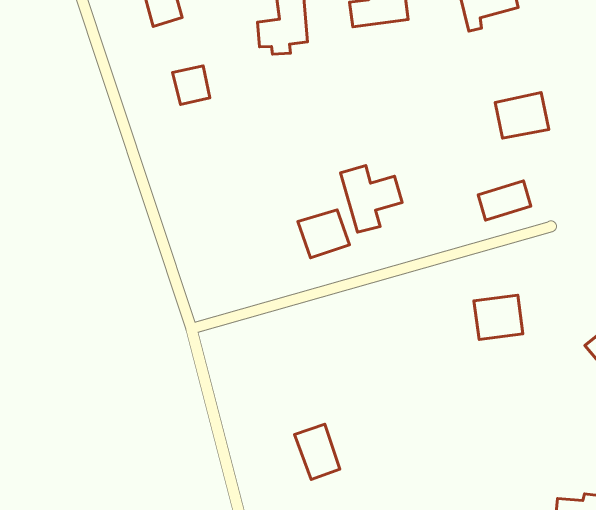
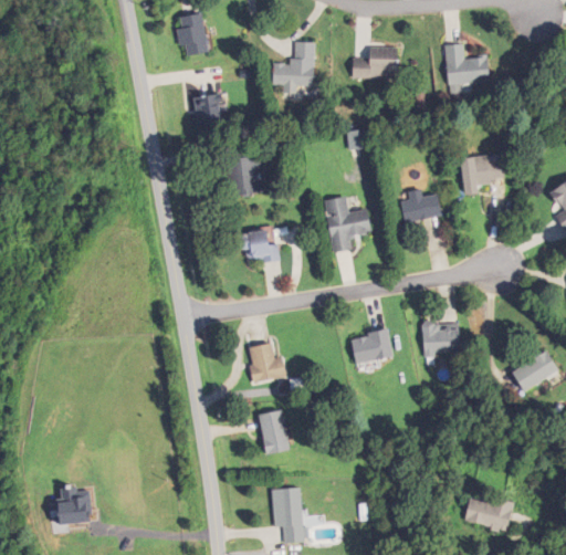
building: none -> [224,156,261,195]
building: [478,181,531,220] -> [401,192,444,221]
building: [298,210,350,258] -> [238,227,279,264]
building: none -> [353,328,396,363]
building: none -> [245,342,287,384]

